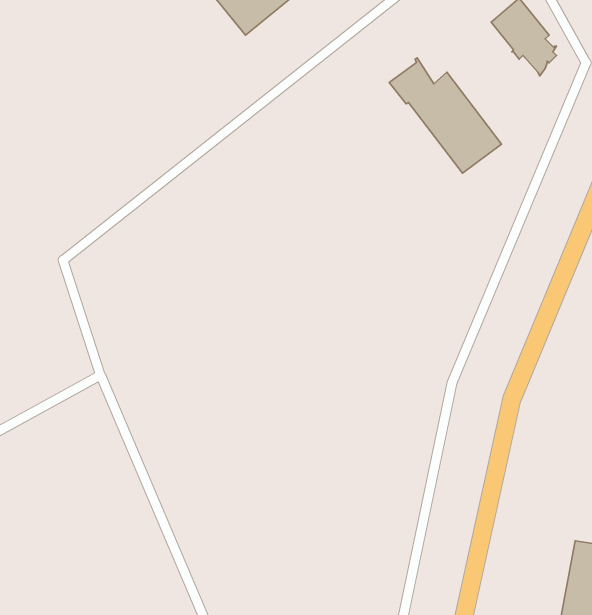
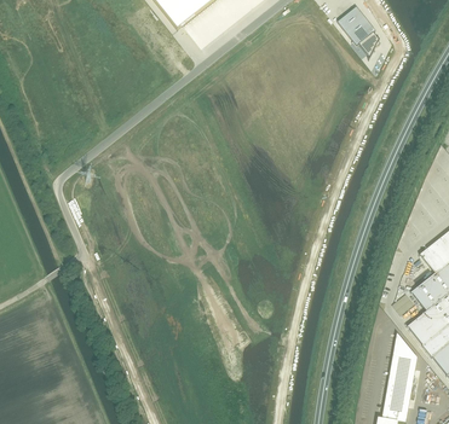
building: [389,58,501,173] -> none

